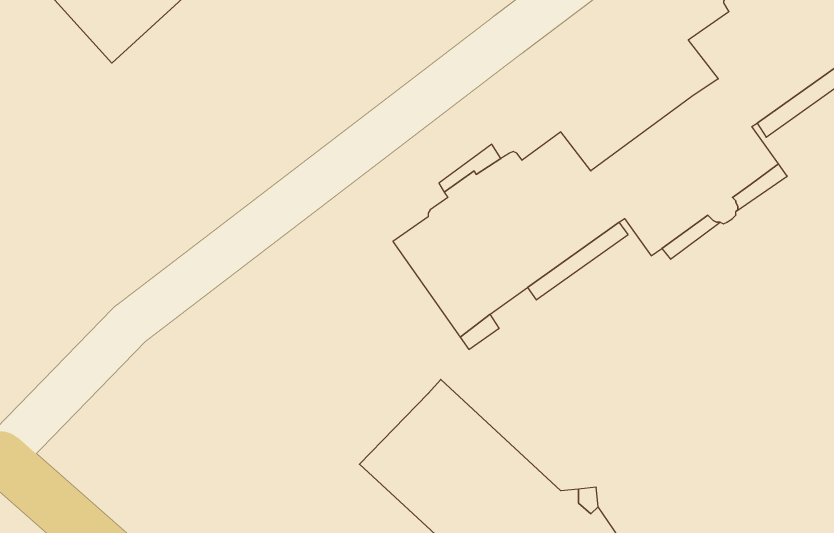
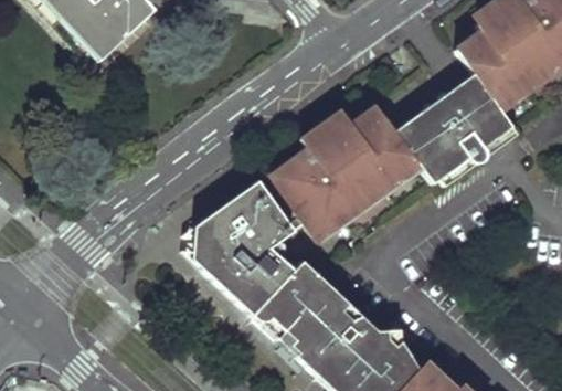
building: none -> [195,179,294,313]

